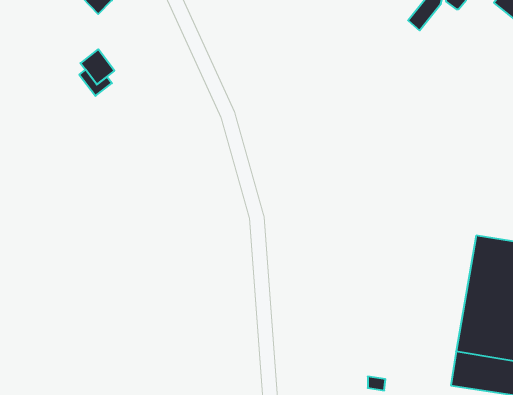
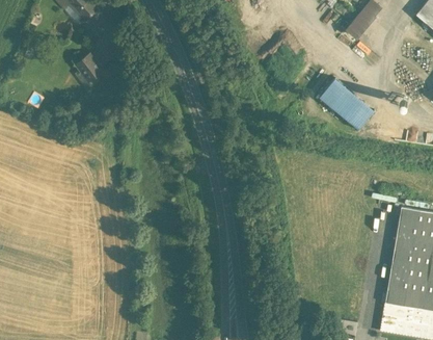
building: none -> [320,77,375,129]

